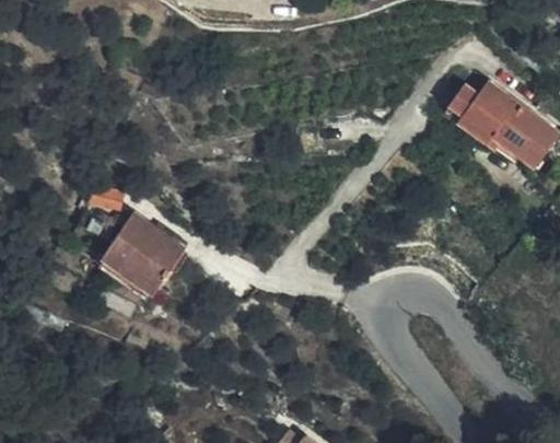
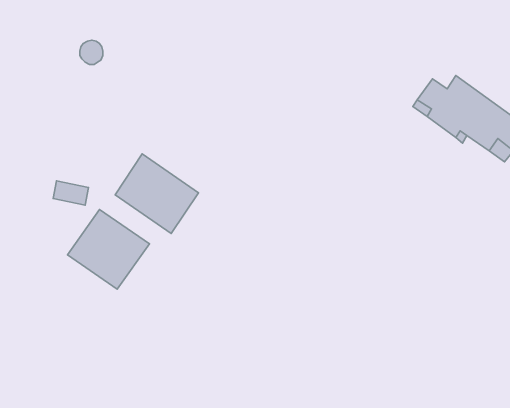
building: none -> [115,154,198,234]

